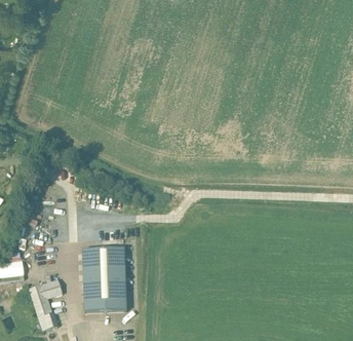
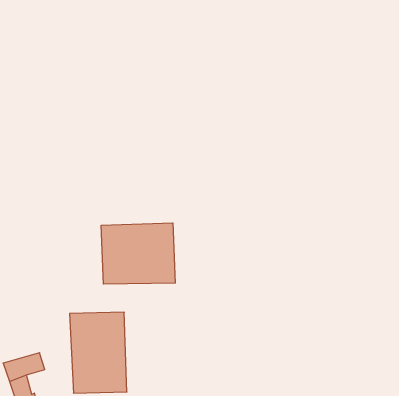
building: none -> [101,223,175,284]

